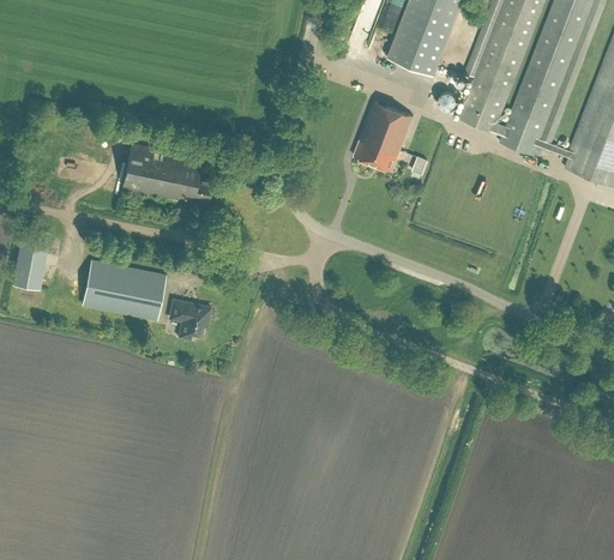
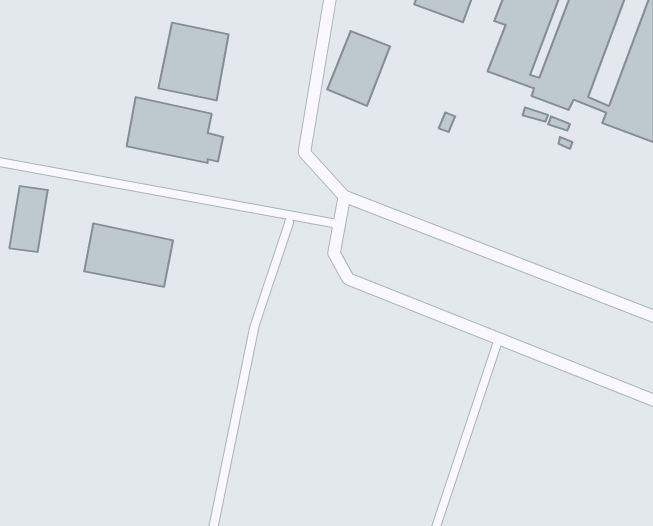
building: none -> [158,23,228,101]
building: [353,101,411,170] -> [327,31,390,106]
building: [169,299,210,338] -> none

